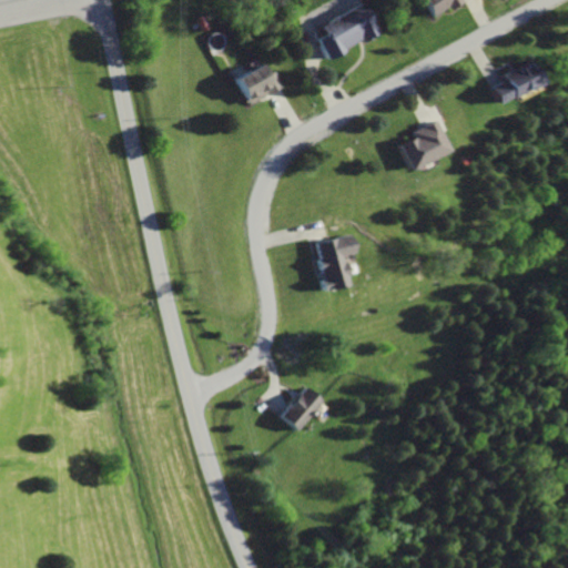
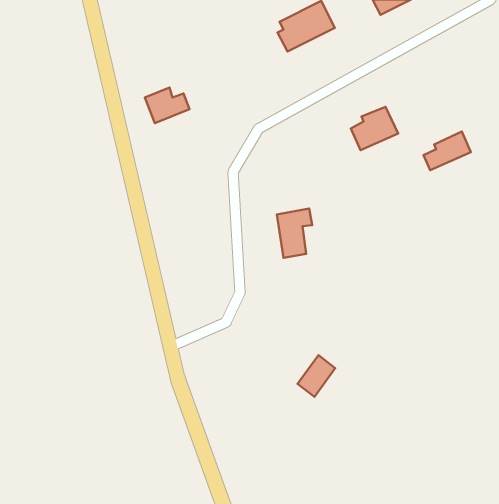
building: [489,60,542,103] -> [423,132,471,170]
building: [237,63,287,103] -> [145,88,189,123]
building: [283,385,325,432] -> [298,355,335,397]

